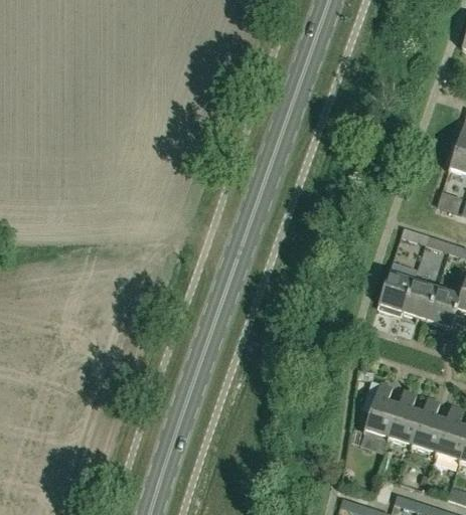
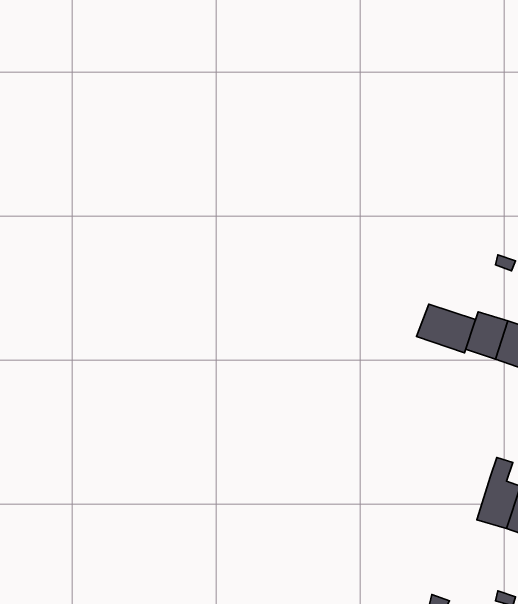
building: none -> [417,304,475,353]
building: [364,380,399,438] -> none

